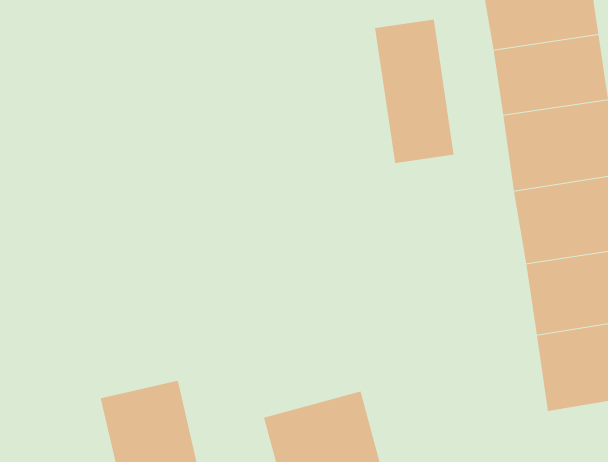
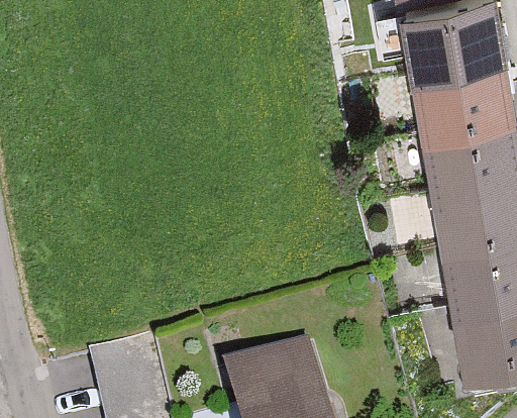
building: [375,19,454,164] -> none

